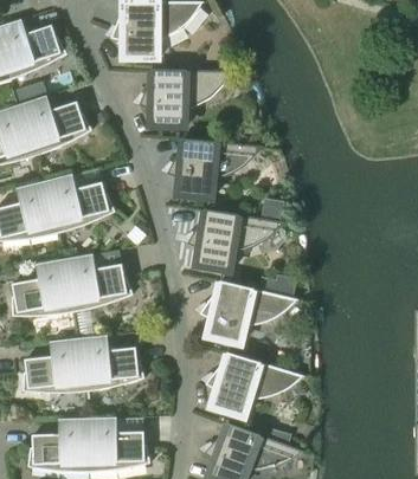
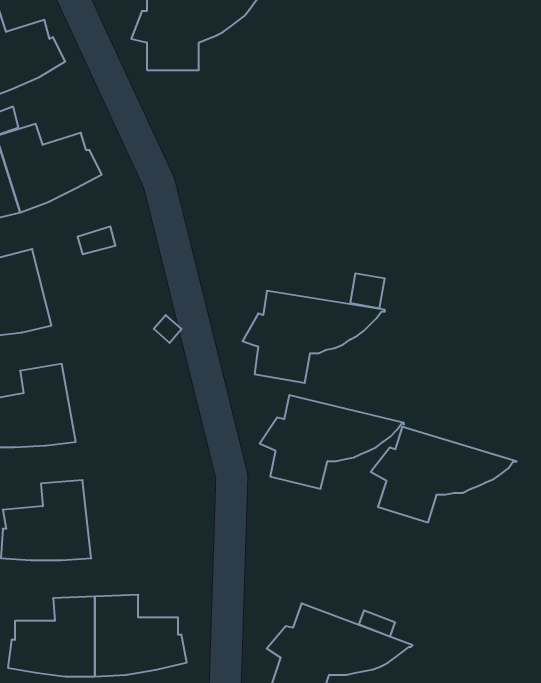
building: [139,70,232,128] -> none
building: [167,138,262,199] -> none
building: [44,174,115,233] -> none
building: [64,253,133,312] -> none
building: [78,335,144,391] -> none
building: [205,352,304,417] -> [371,427,517,522]

